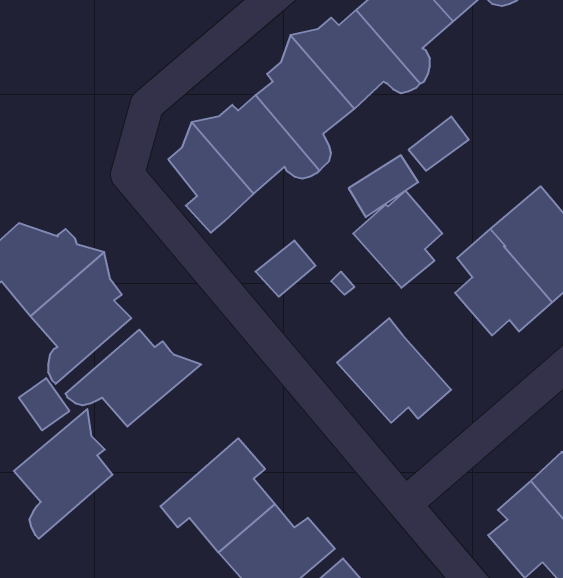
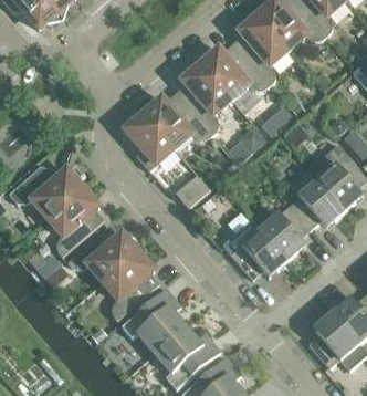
building: [353,191,442,288] -> [259,205,310,260]
building: [14,409,113,539] -> [102,246,158,320]

